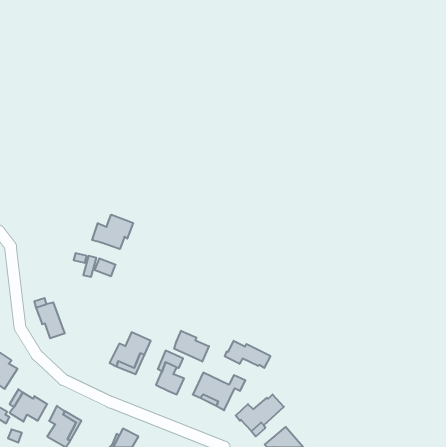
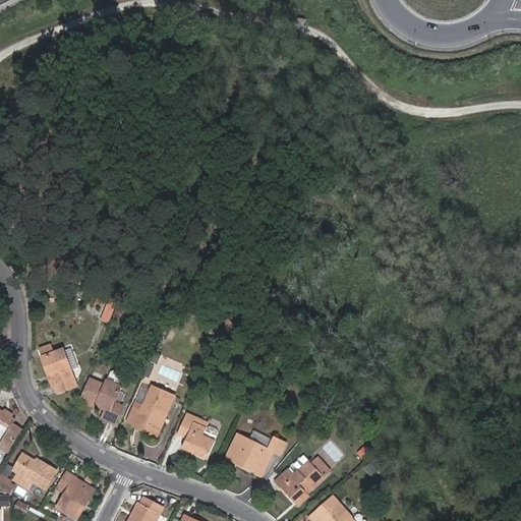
building: [92,215,133,249] -> none
building: none -> [79,370,126,422]
building: [174,331,209,362] -> none
building: [225,341,270,368] -> none

